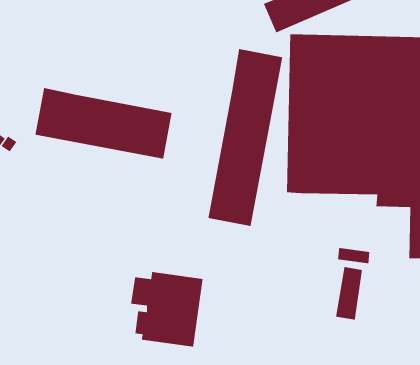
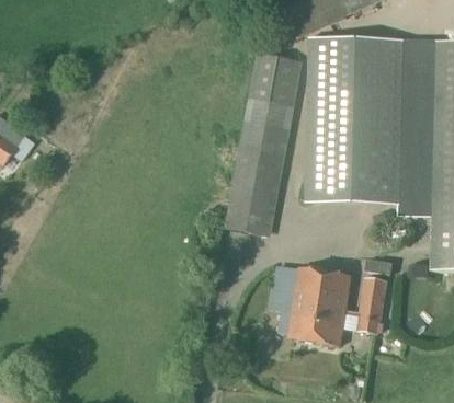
building: [35,87,172,160] -> none
building: [130,271,204,348] -> [275,266,351,345]

